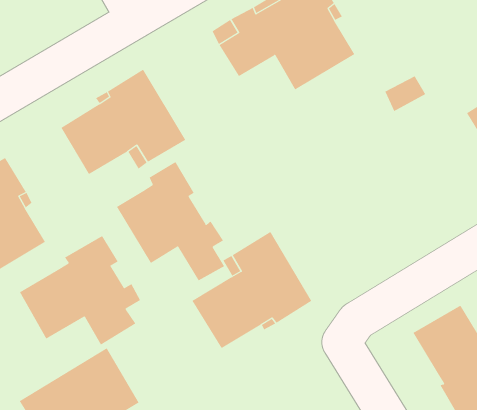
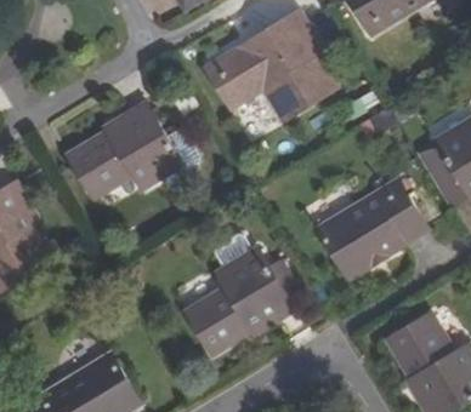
building: none -> [318,181,427,277]
building: [116,161,225,281] -> none
building: [19,235,141,346] -> none

